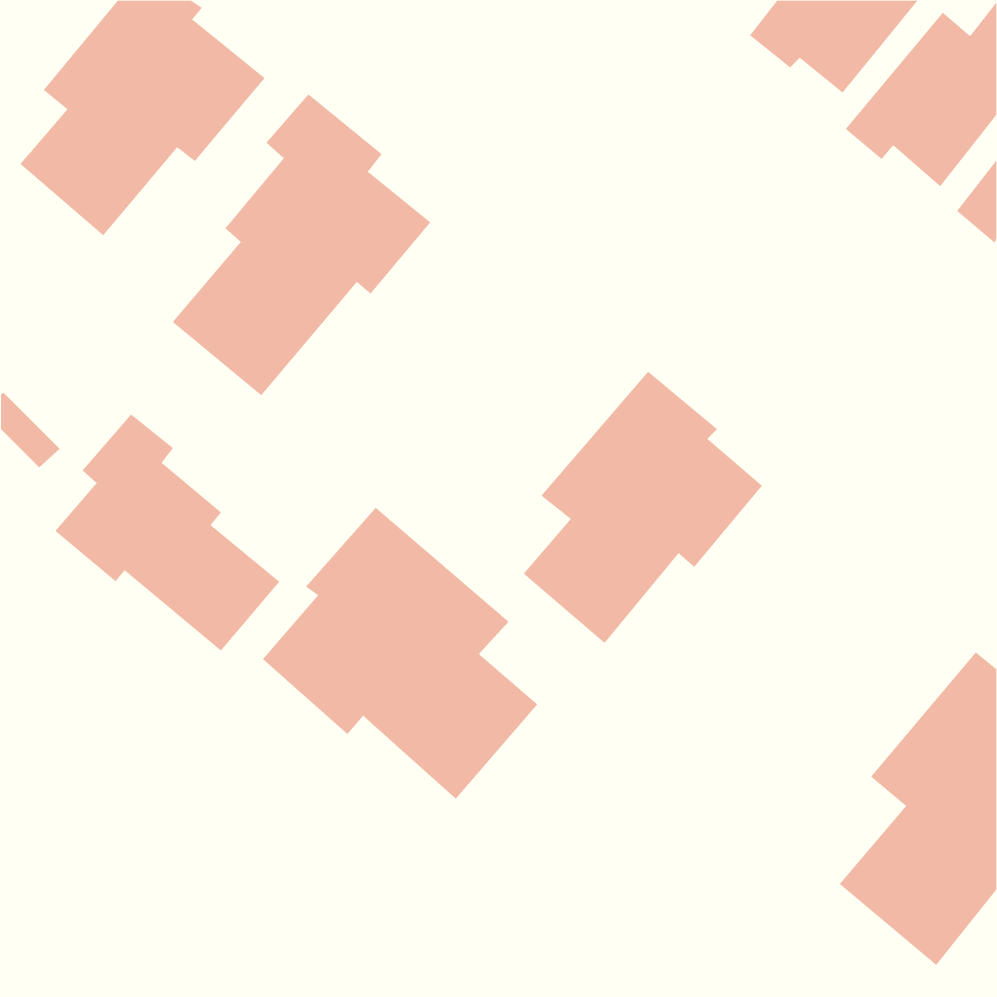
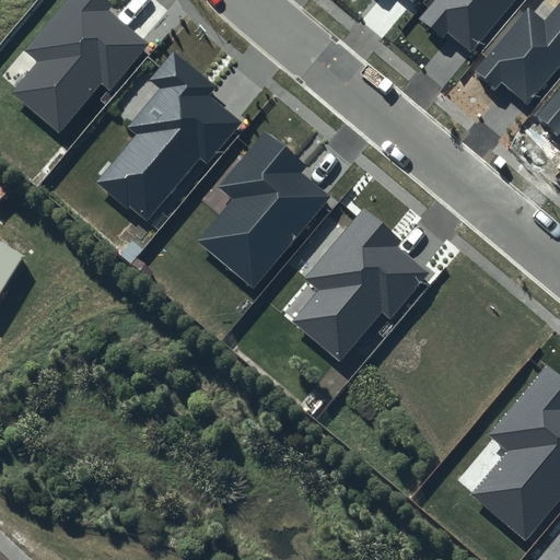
building: none -> [199,131,330,287]
building: [54,413,280,651] -> none
building: [262,507,538,800] -> none

